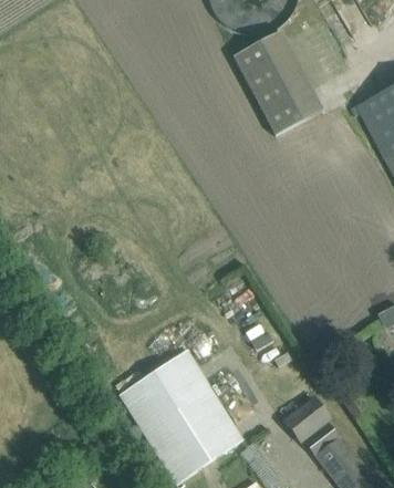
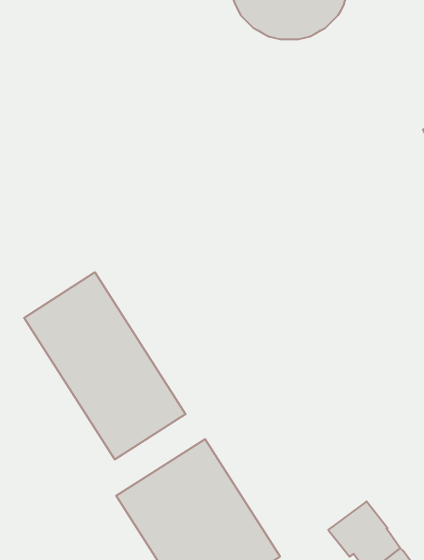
building: [232,31,322,134] -> none
building: none -> [24,272,186,460]

